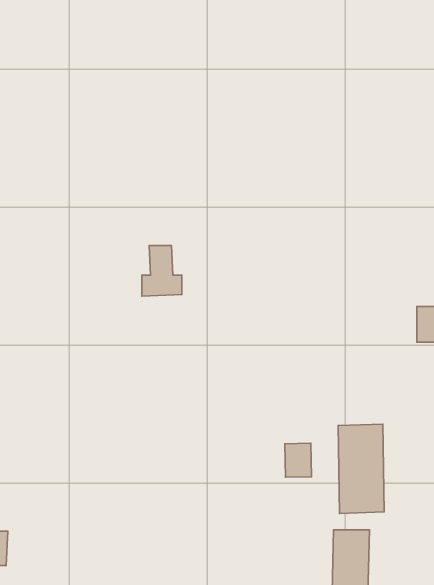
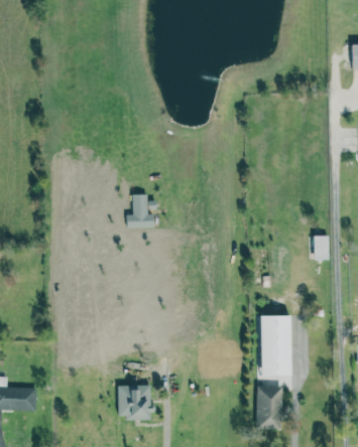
building: [285,443,311,477] -> none
building: none -> [118,385,152,419]

